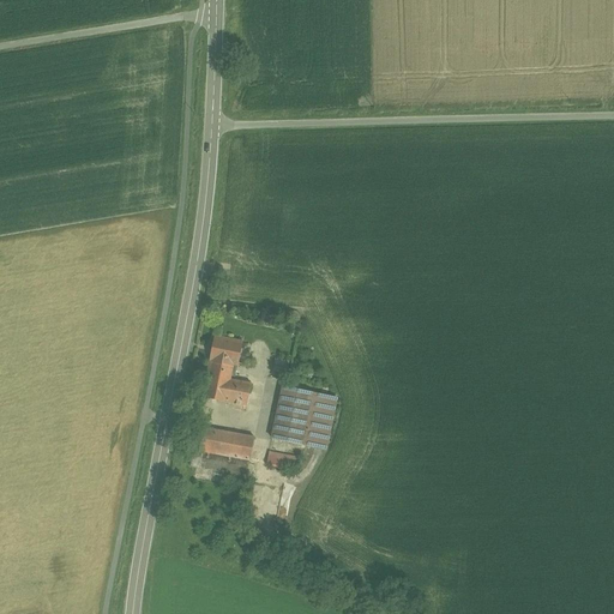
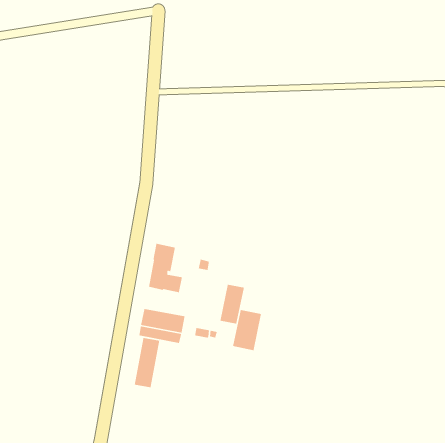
building: [272,385,313,443] -> [232,309,262,351]
building: none -> [134,337,160,388]

